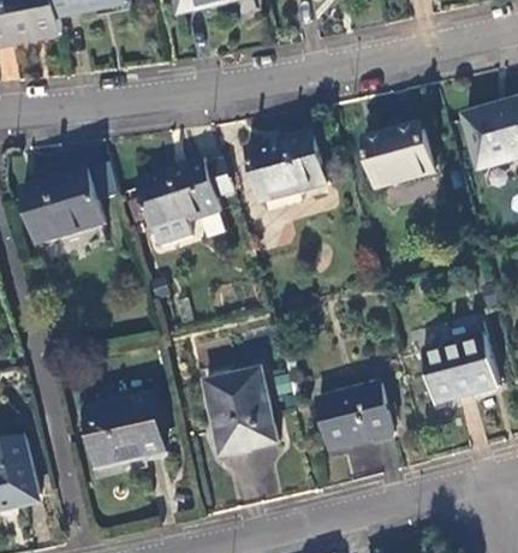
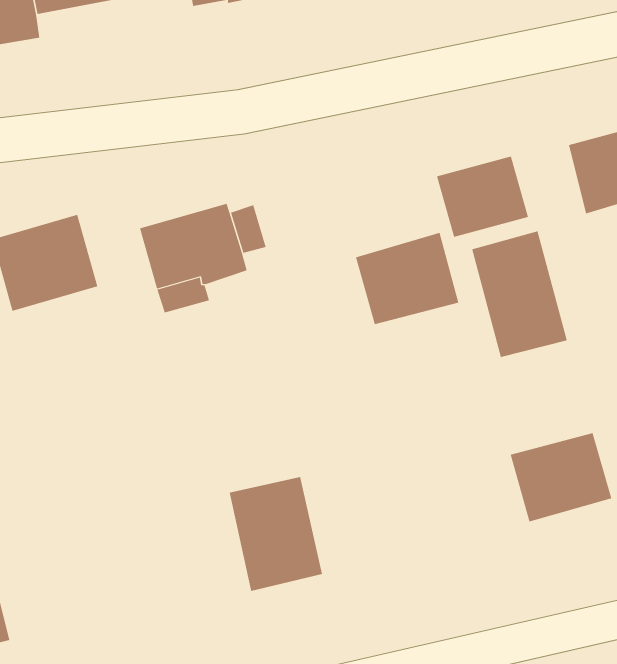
building: [246,131,326,202] -> [355,232,459,325]
building: none -> [472,231,568,358]
building: [317,383,393,448] -> none
building: [84,396,163,466] -> none

